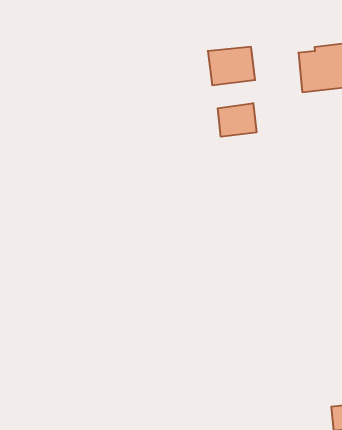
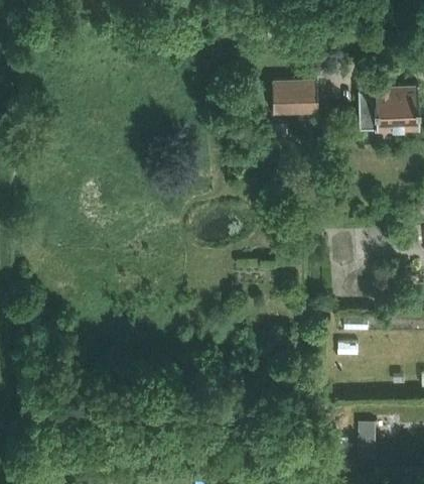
building: [218,103,256,137] -> none

